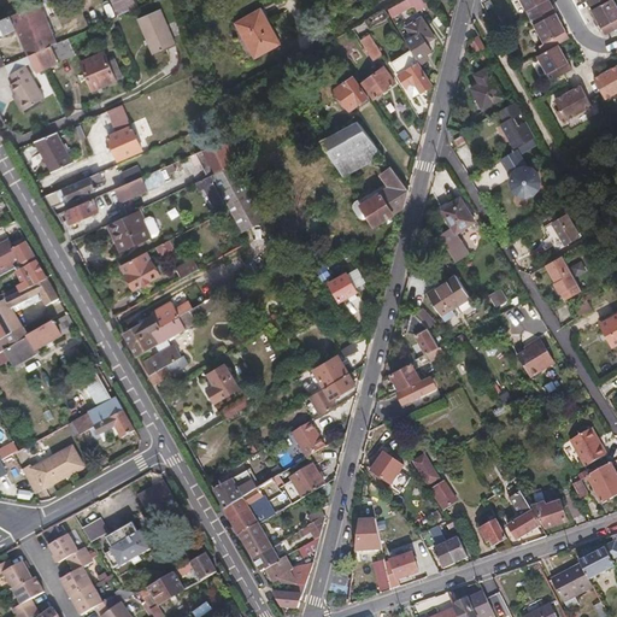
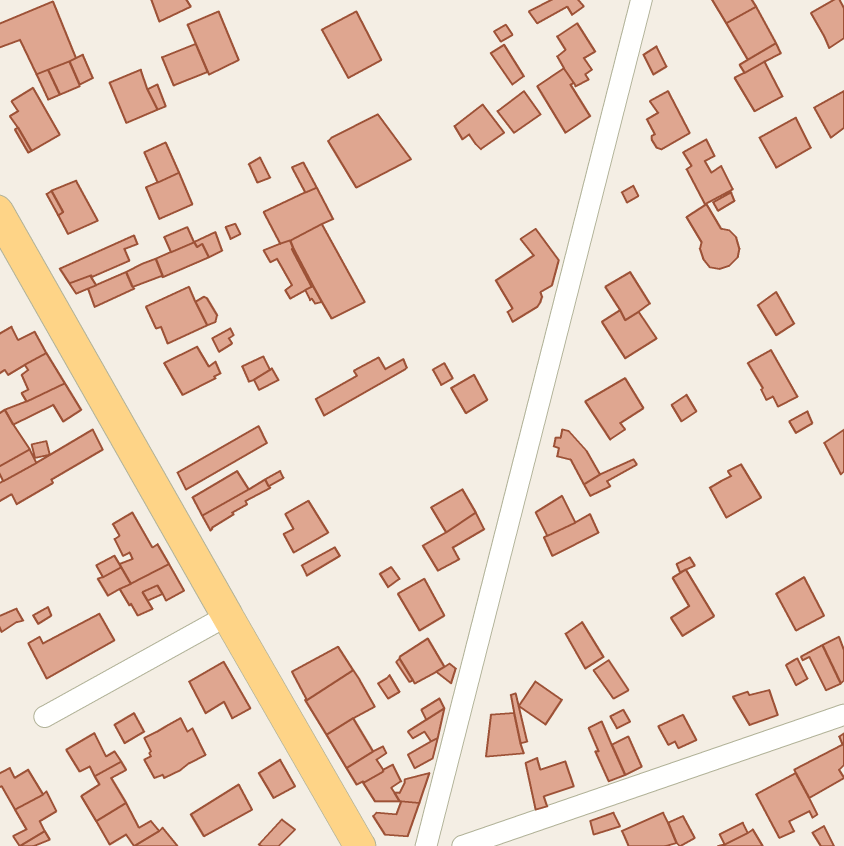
building: none -> [162,44,207,86]
building: [319,121,380,174] -> [328,114,411,187]
building: [123,301,189,343] -> [316,358,407,416]
building: [370,452,401,483] -> [519,681,562,725]
building: [507,490,539,539] -> [671,570,714,636]

